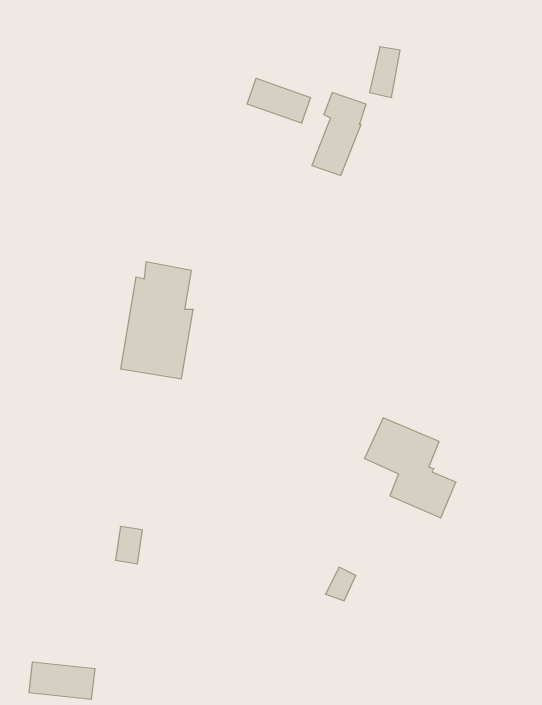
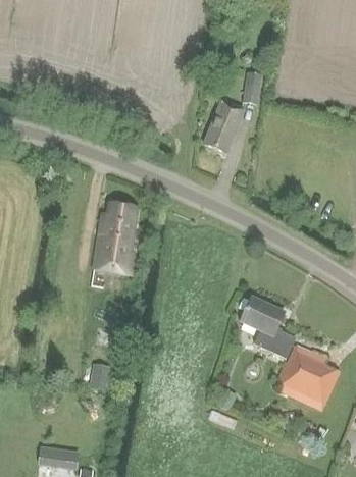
building: [247,78,311,123] -> none
building: none -> [278,344,340,409]

